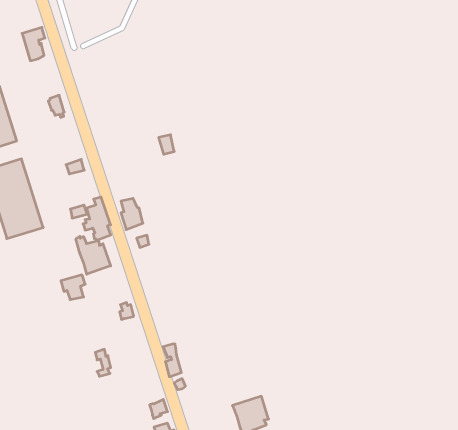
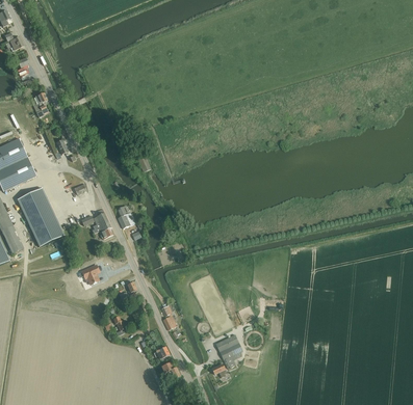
building: [76,236,111,274] -> none

